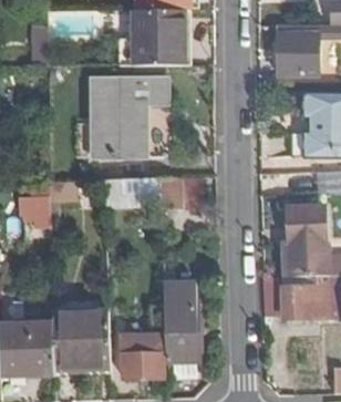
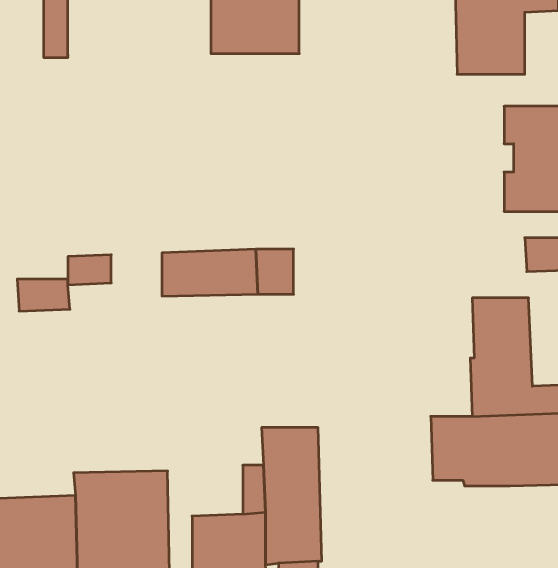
building: [93,79,168,156] -> none

